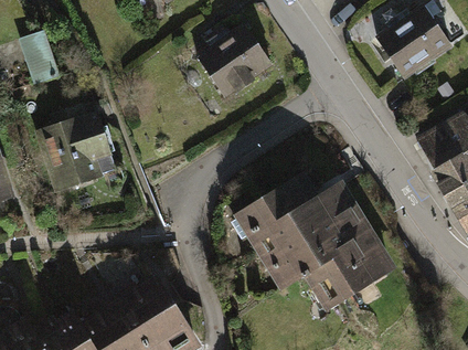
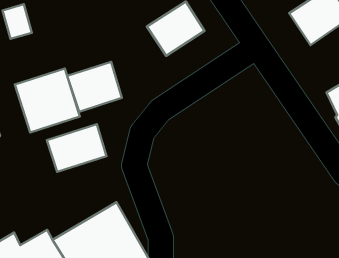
building: none -> [67,62,122,112]
building: [246,178,389,300] -> none
building: none -> [47,124,106,172]

